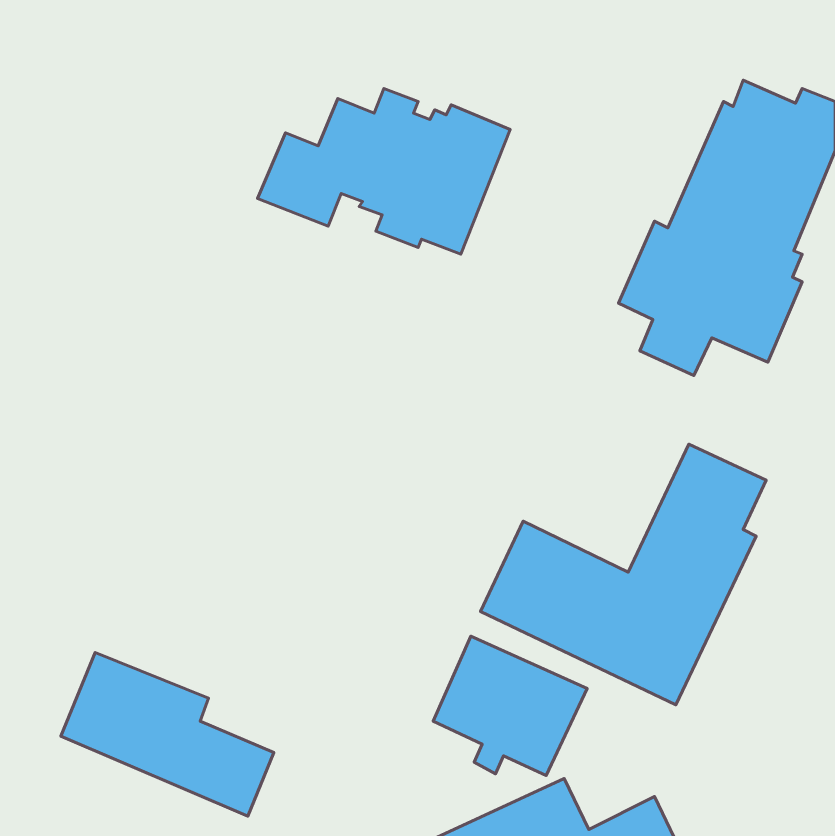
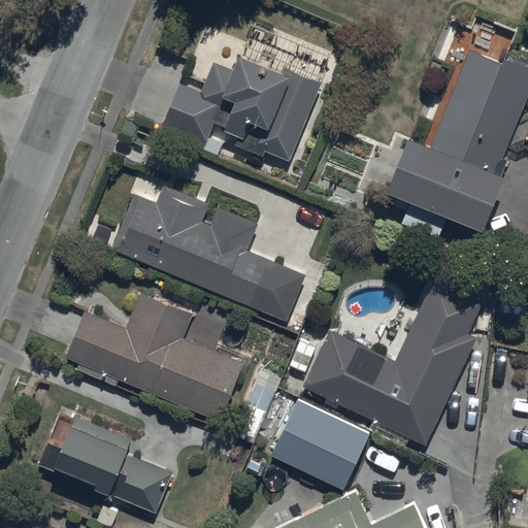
building: none -> [113,187,305,322]
building: none -> [66,295,243,420]

